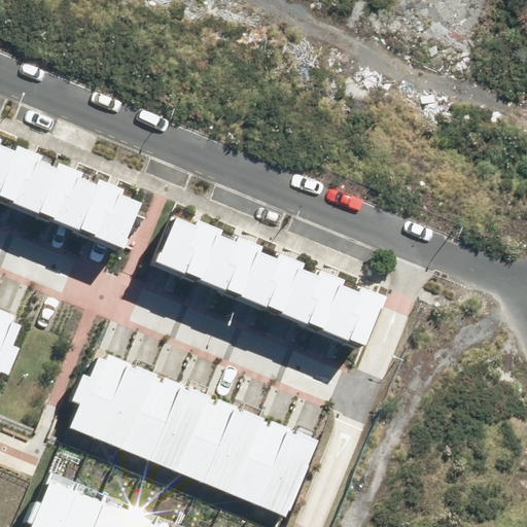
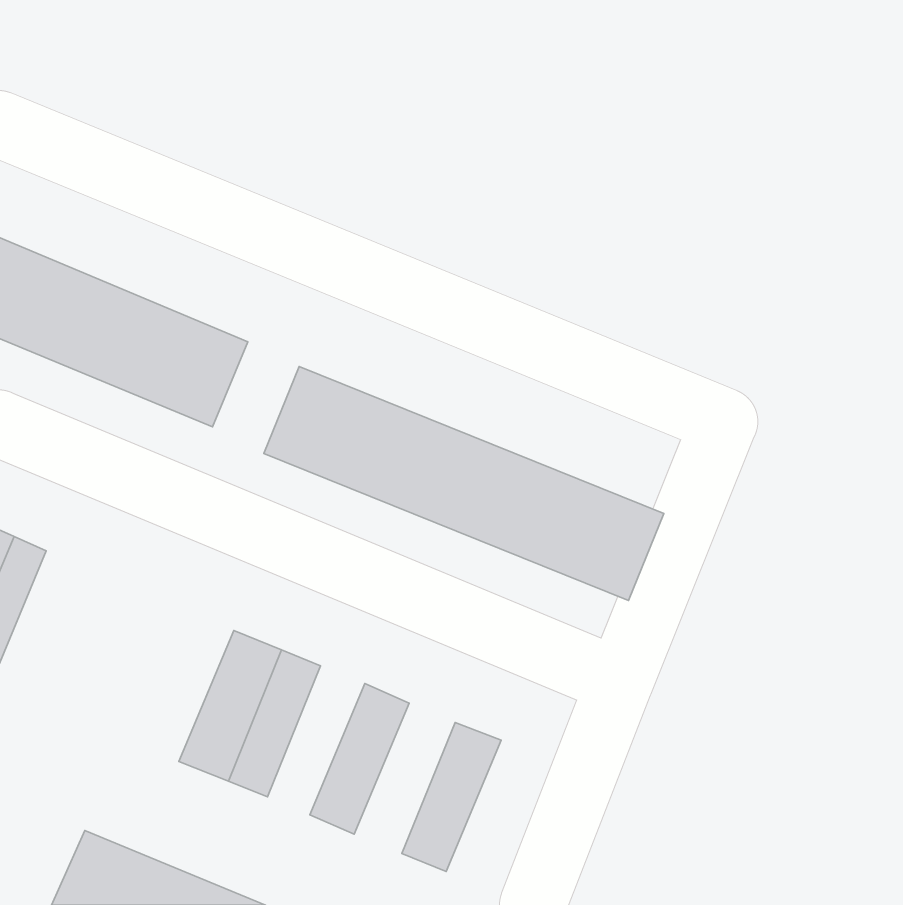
building: [67,351,136,443] -> none
building: [155,387,212,473] -> none
building: [206,409,265,496] -> none
building: [259,430,317,518] -> none

